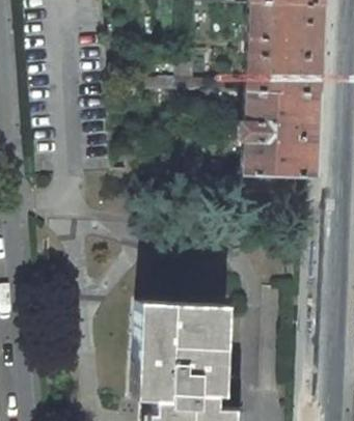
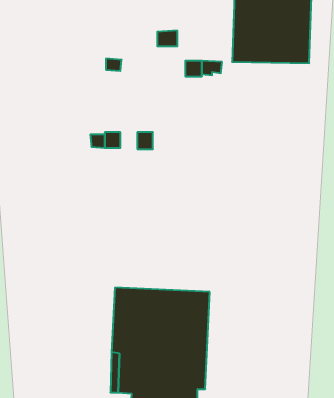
building: [240,90,319,176] -> none

